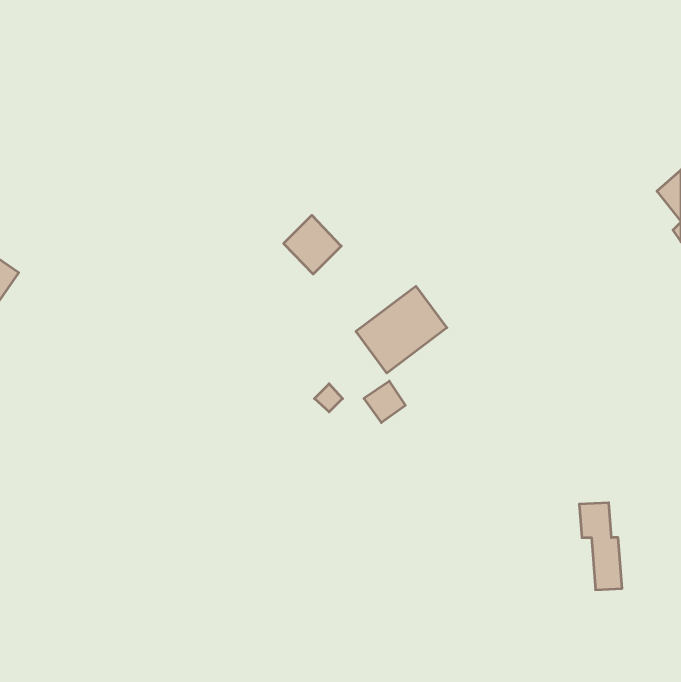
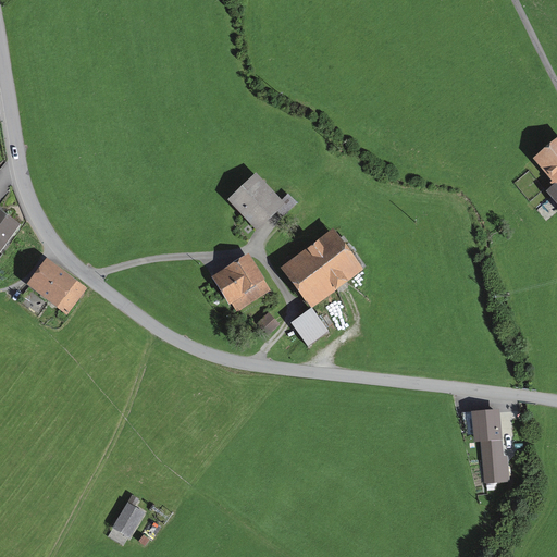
building: none -> [215,256,264,305]
building: none -> [28,260,81,309]
building: none -> [111,502,144,537]

